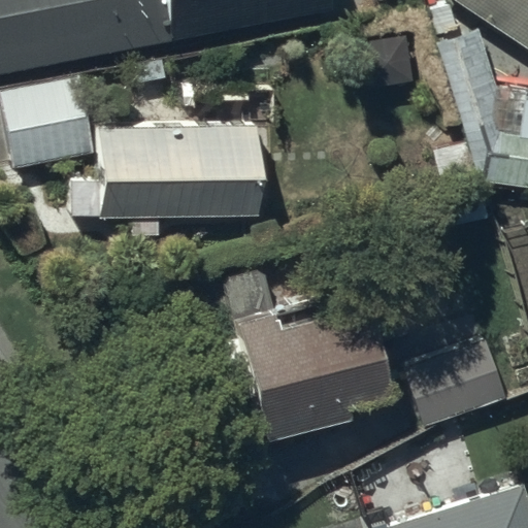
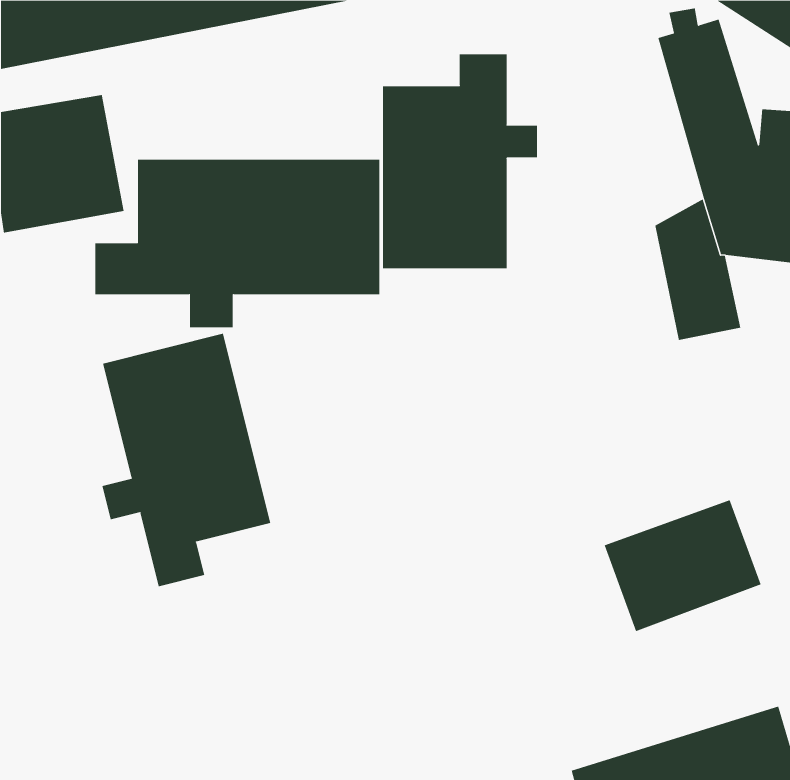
building: none -> [382,53,538,269]
building: none -> [102,333,271,587]
building: [225,267,416,433] -> none

